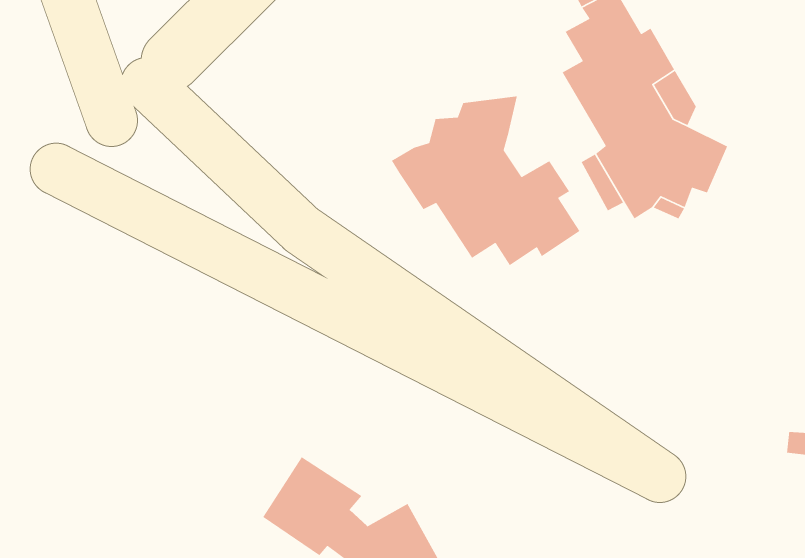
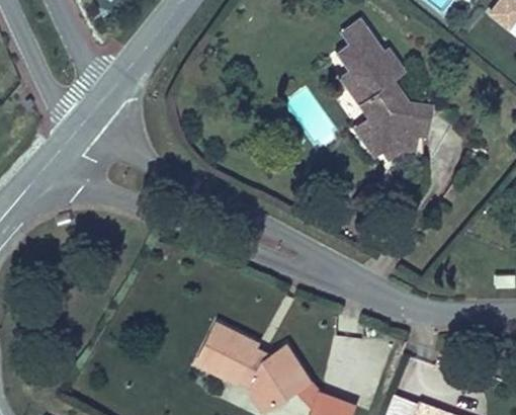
building: [391,95,581,266] -> none

